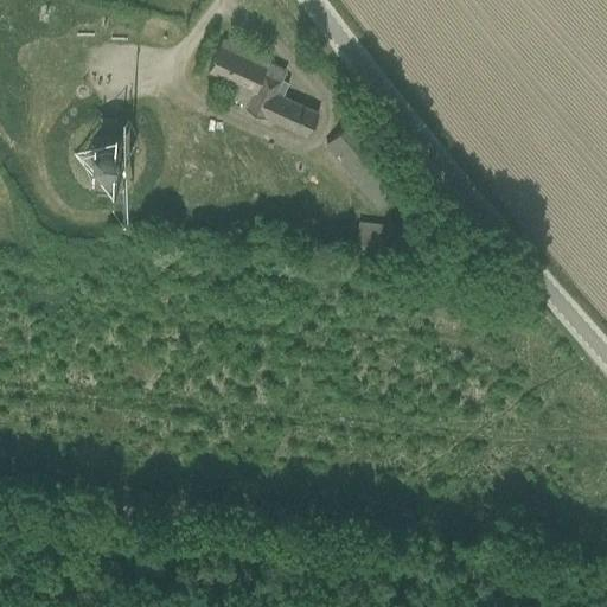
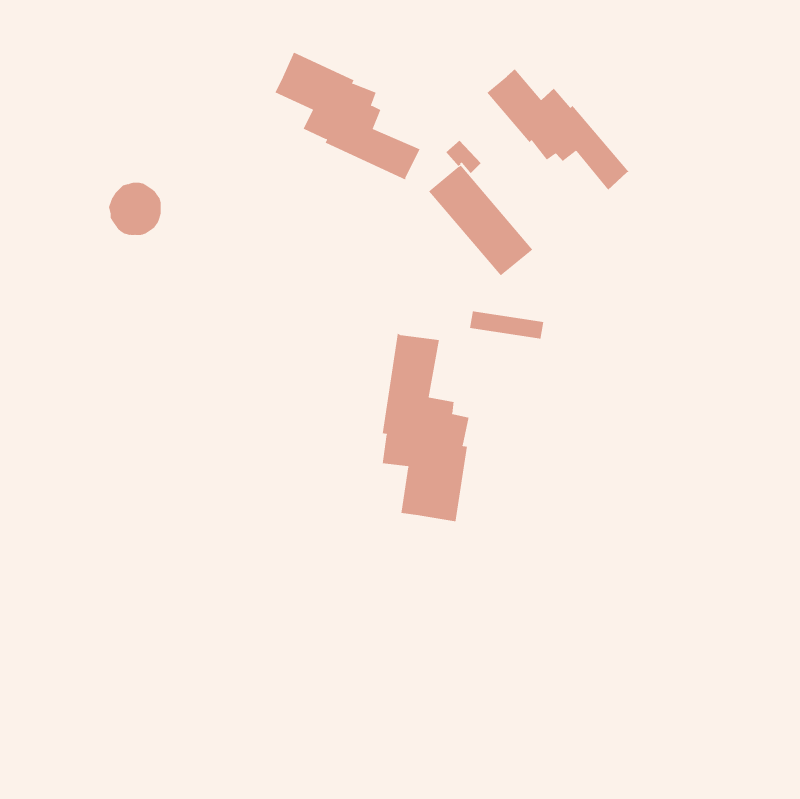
building: none -> [487,68,630,191]
building: none -> [382,333,469,522]

